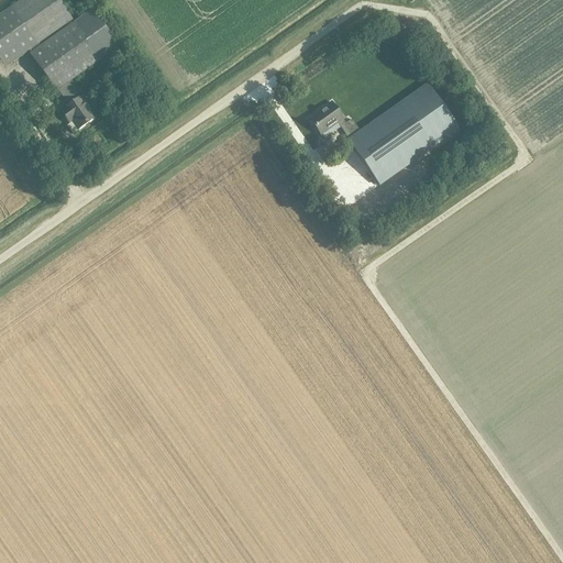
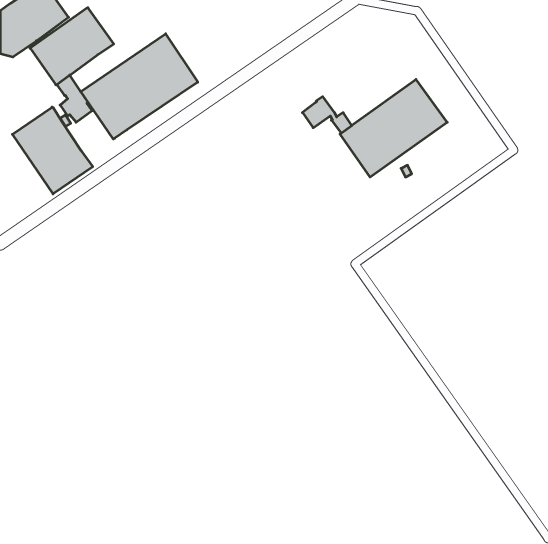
building: none -> [81,34,198,139]
building: none -> [12,107,93,194]

